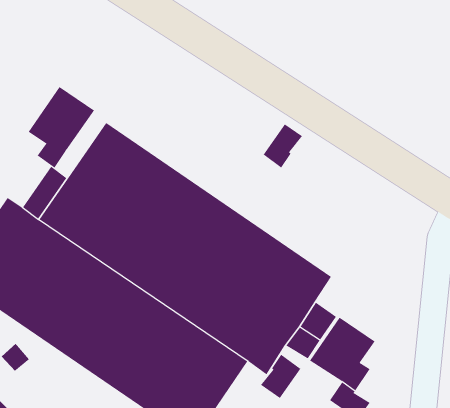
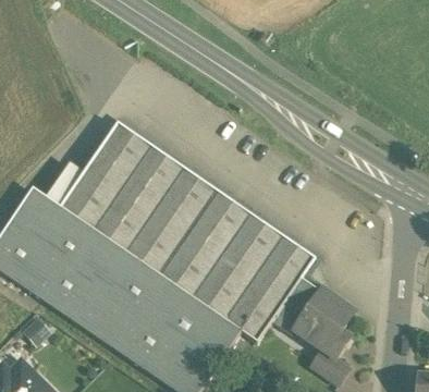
building: [28,86,95,168] -> none
building: [263,124,303,168] -> none
building: [260,354,301,399] -> none

